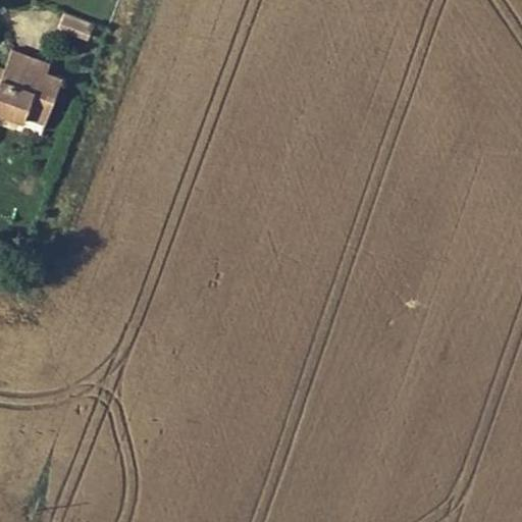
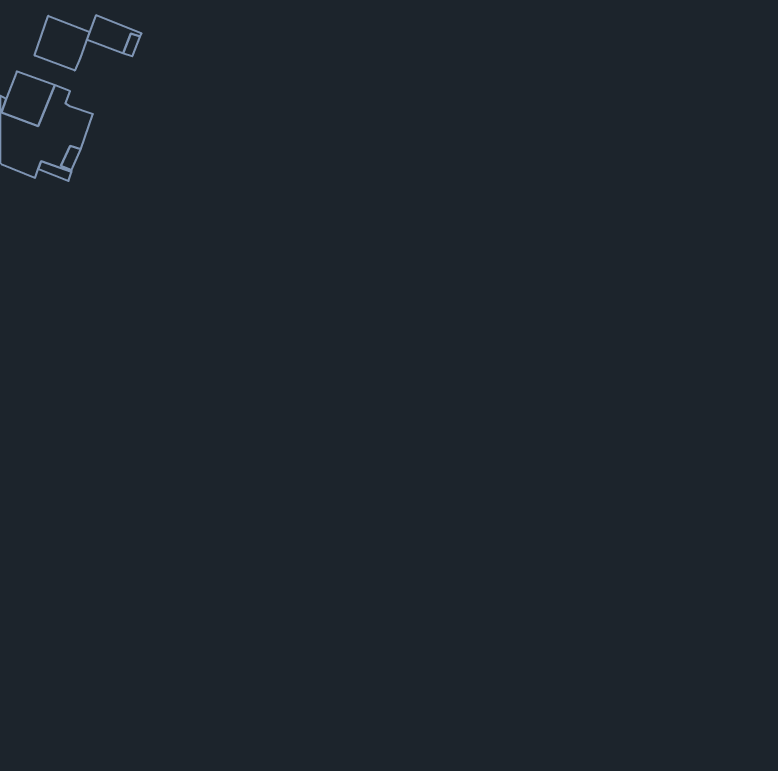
building: none -> [35,16,90,71]

